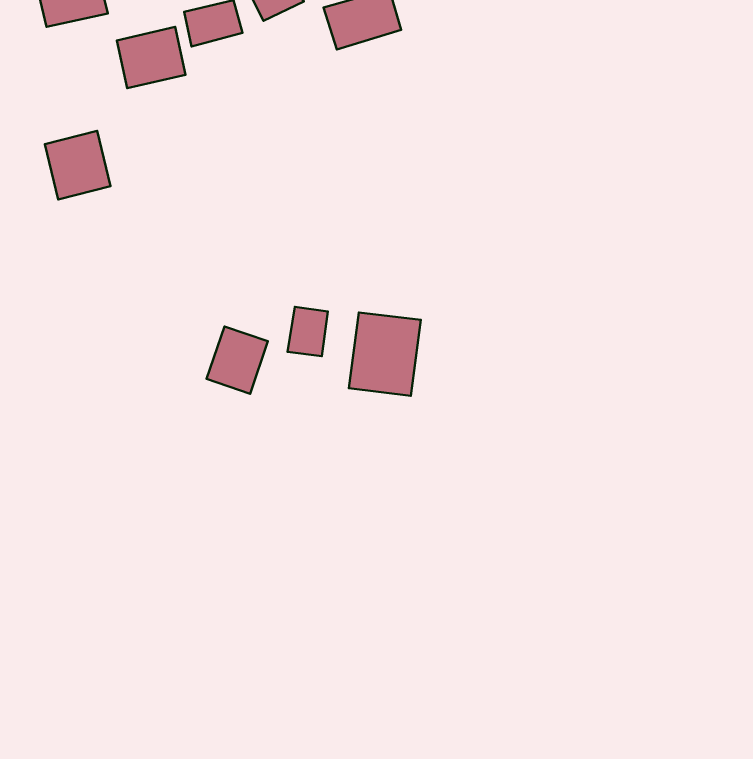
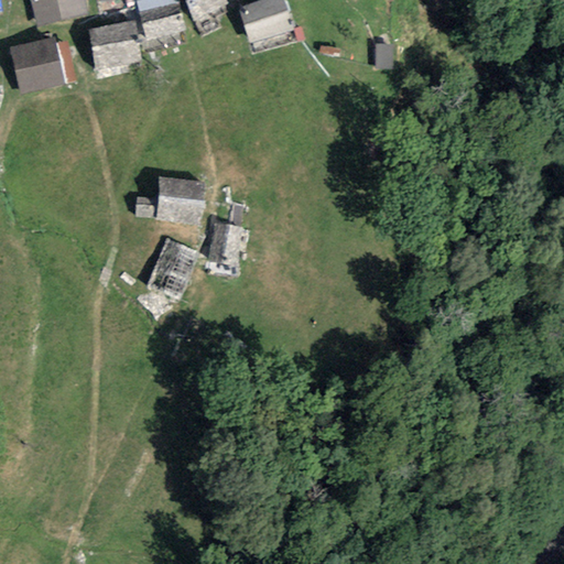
building: [45,131,111,200] -> [9,39,57,89]
building: none -> [137,178,203,220]
building: [349,312,421,396] -> none

